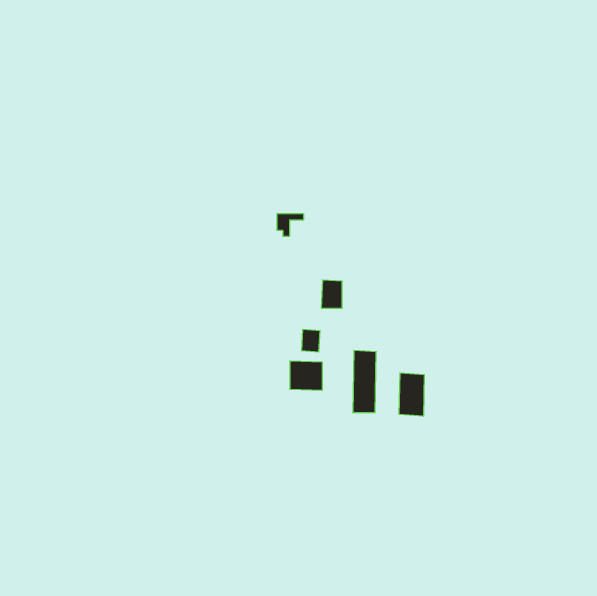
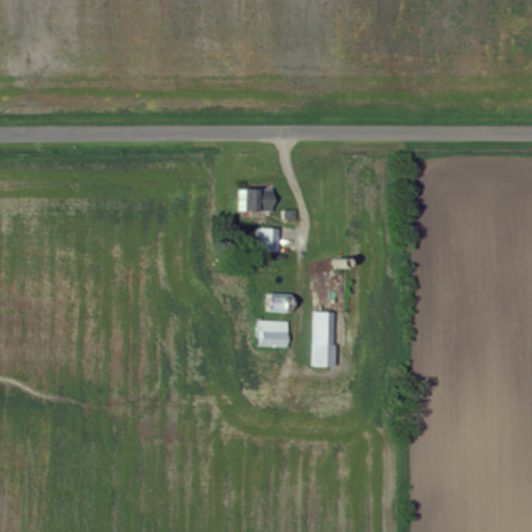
building: [321,280,342,308] -> [259,228,277,252]
building: [399,373,424,416] -> none

